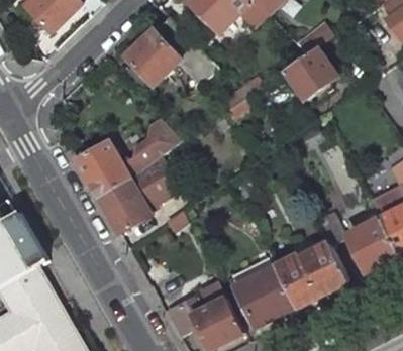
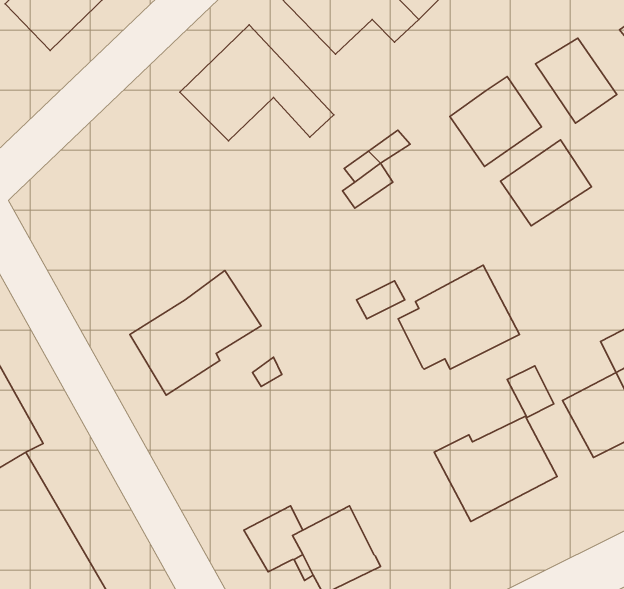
building: none -> [536,38,617,123]
building: none -> [501,140,592,226]
building: [75,116,180,198] -> none
building: [224,266,295,327] -> [398,265,519,369]

